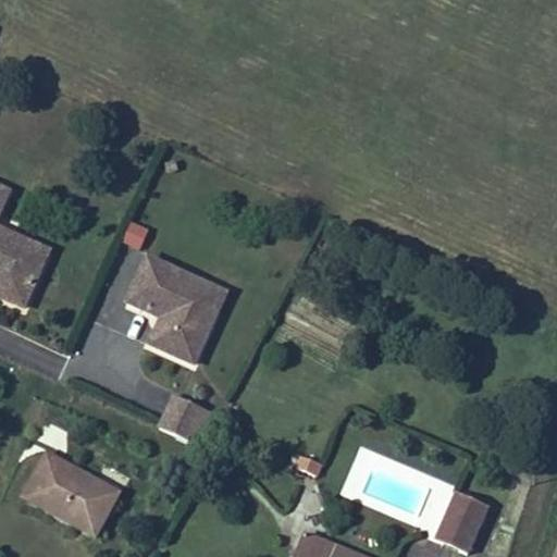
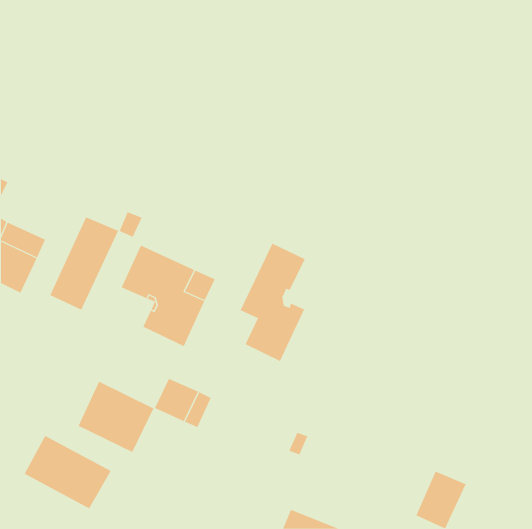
building: none -> [49,216,119,310]
building: none -> [240,243,306,362]
building: none -> [78,381,154,453]

